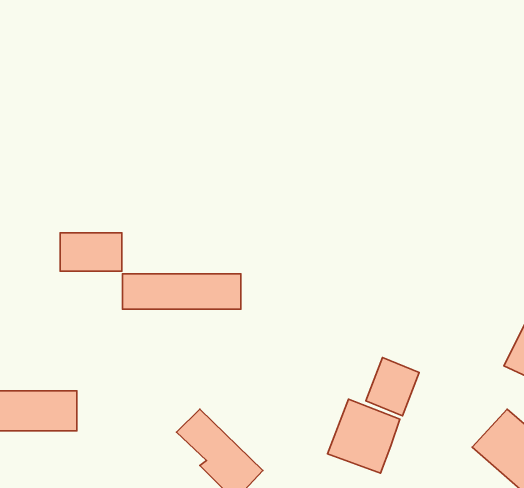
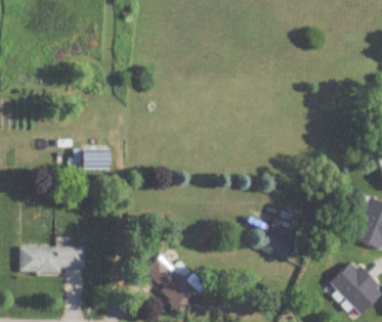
building: [123,274,241,309] -> none
building: [328,399,400,473] -> none

